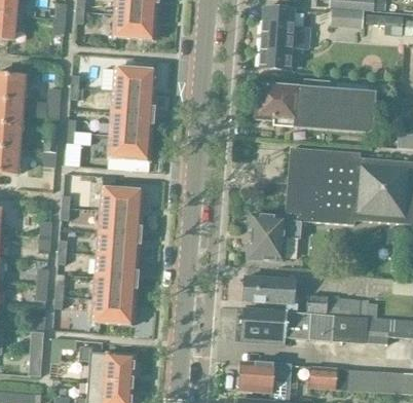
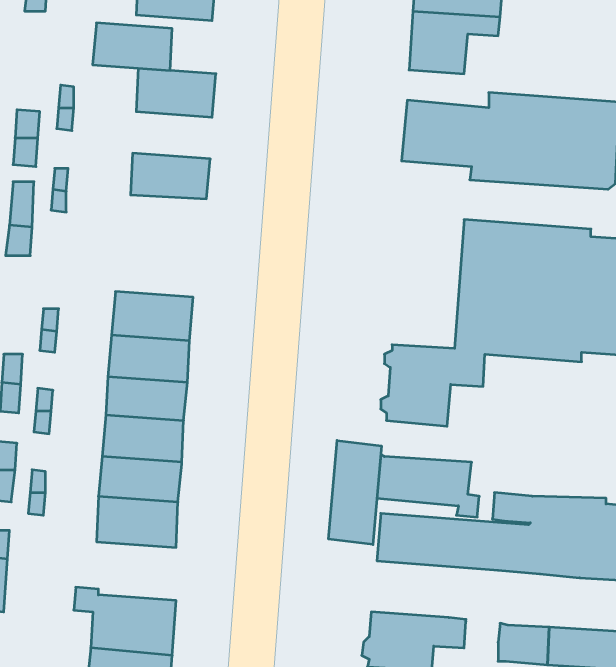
building: [111,89,154,115] -> [93,23,172,70]
building: [108,135,151,160] -> none
building: none -> [329,440,381,545]

